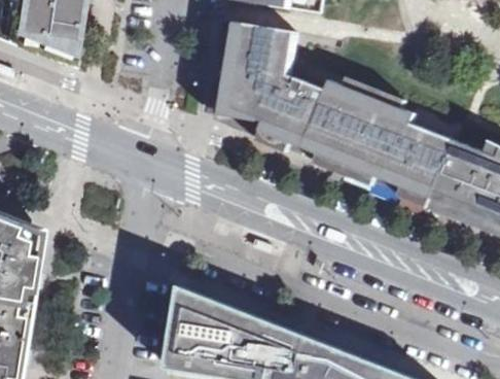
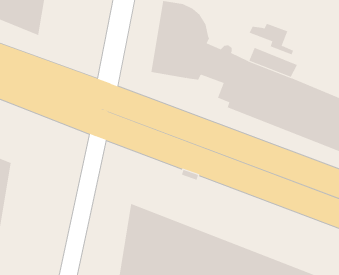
building: [257,118,315,160] -> [249,23,294,55]

